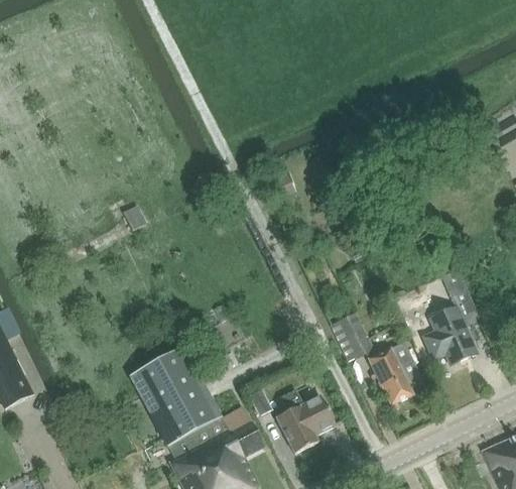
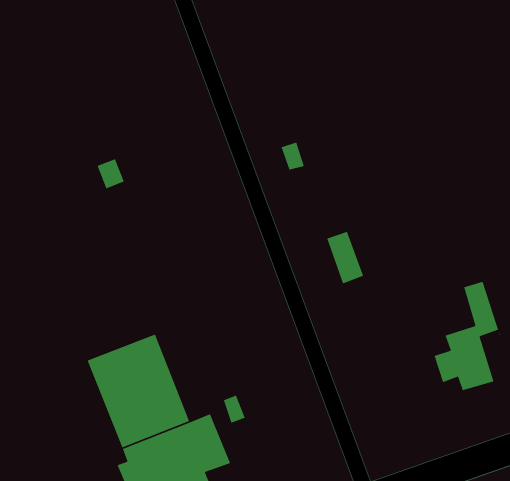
building: [337,314,372,359] -> [326,231,364,284]
building: [367,343,422,406] -> none
building: [275,390,335,455] -> none

